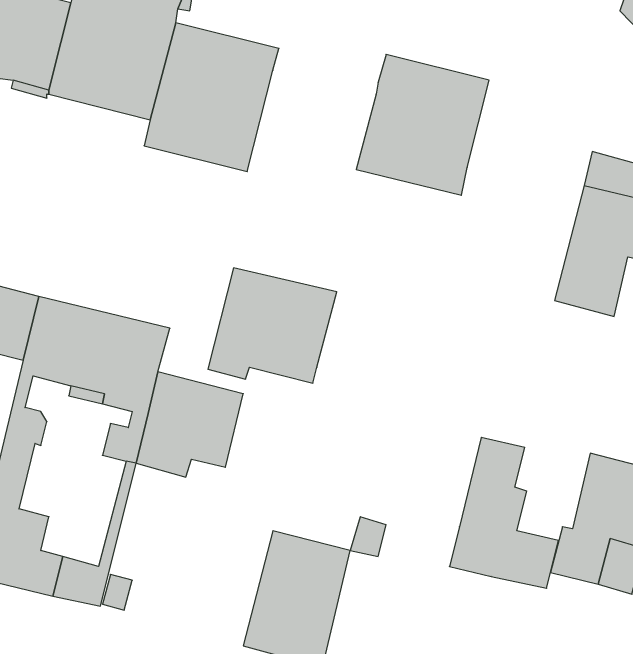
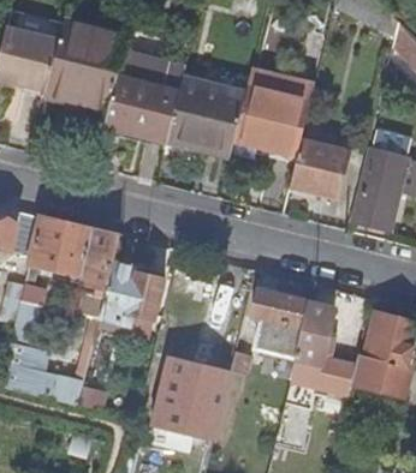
building: none -> [289,139,346,198]
building: [208,268,337,383] -> [166,80,244,150]
building: none -> [251,285,308,357]

